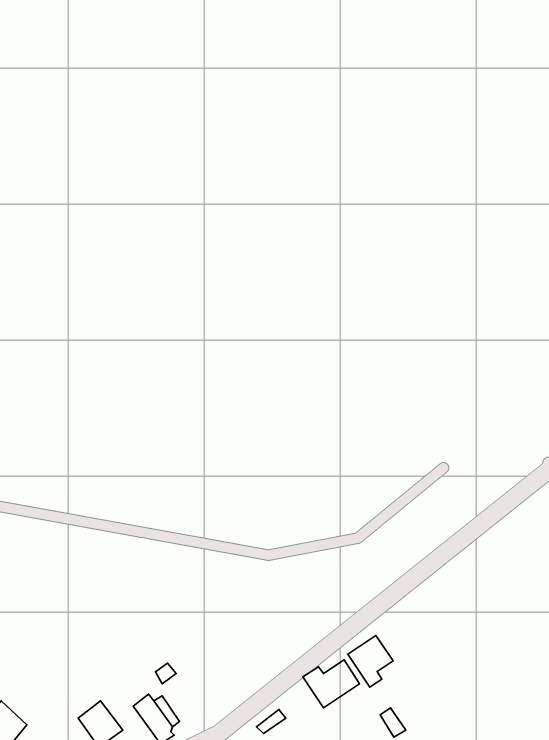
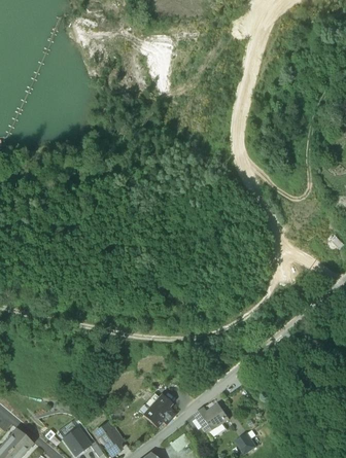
building: [348,636,393,687] -> none
building: none -> [140,393,174,428]

